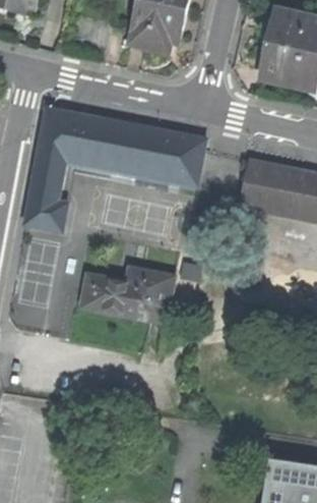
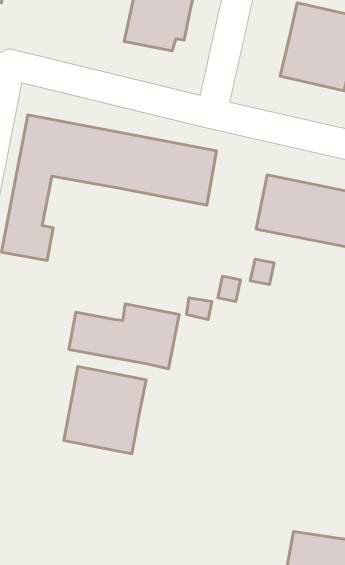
building: none -> [64,366,146,454]

